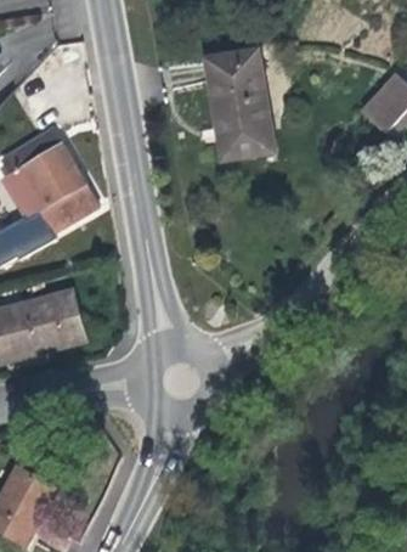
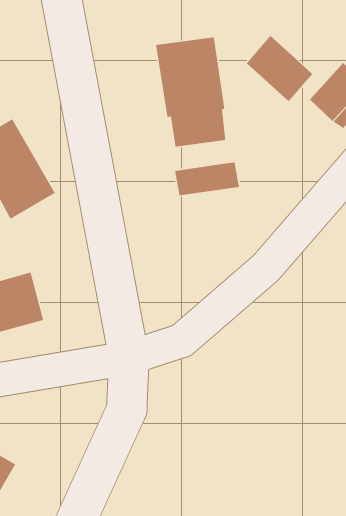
building: none -> [246,35,313,102]
building: none -> [174,162,240,196]

